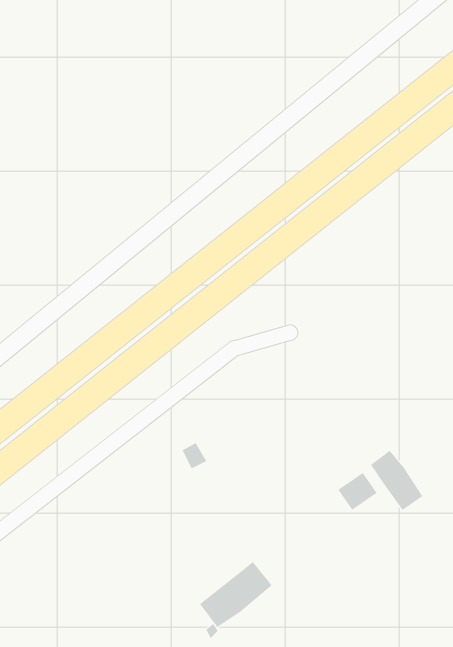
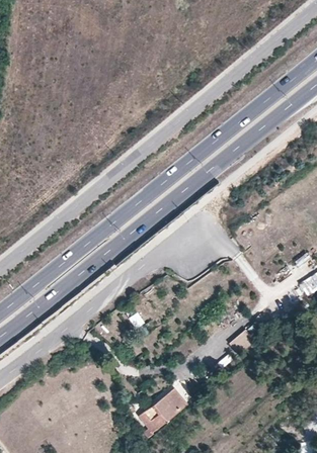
building: [370,450,423,511] -> none

